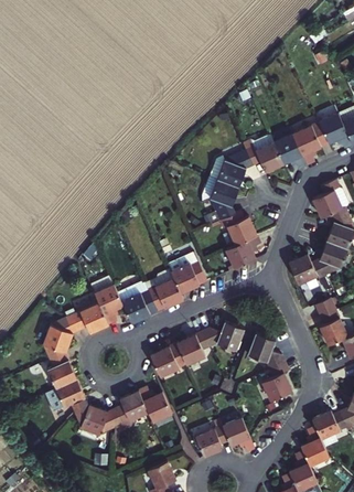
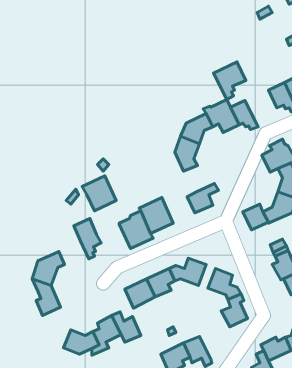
building: [291,122,329,167] -> [214,62,246,99]
building: [219,212,256,243] -> none
building: [118,280,158,321] -> [82,176,116,211]
building: [74,300,109,330] -> none
building: [43,377,88,425] -> none

